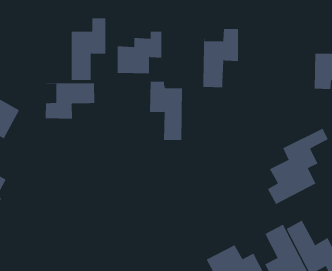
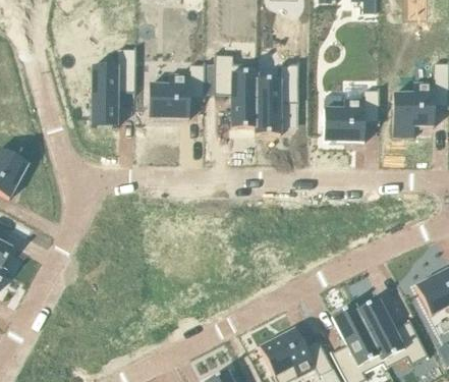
building: none -> [324,88,381,141]
building: [149,81,183,141] -> [215,54,257,127]
building: [45,83,95,119] -> none
building: [267,128,329,205] -> none

